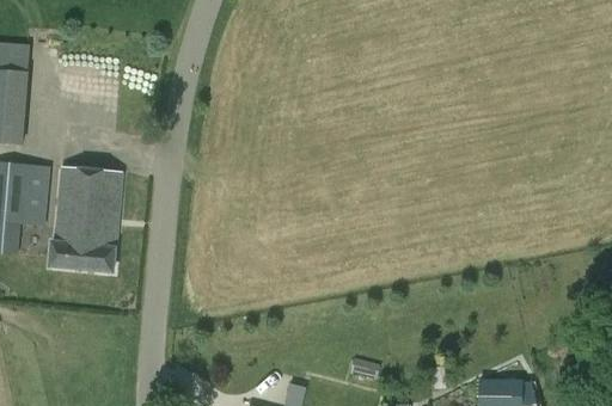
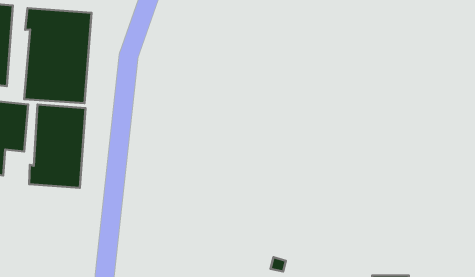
building: none -> [24,8,92,103]

